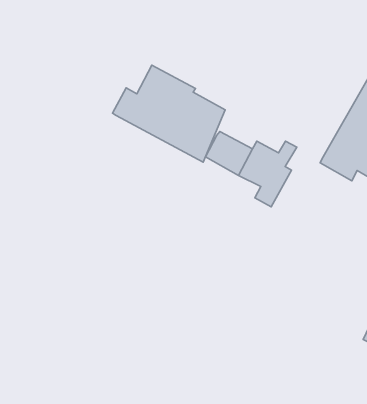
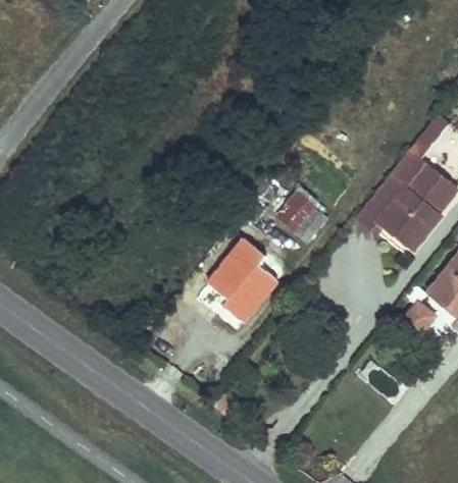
building: [112,65,225,162] -> none
building: none -> [207,239,274,323]

